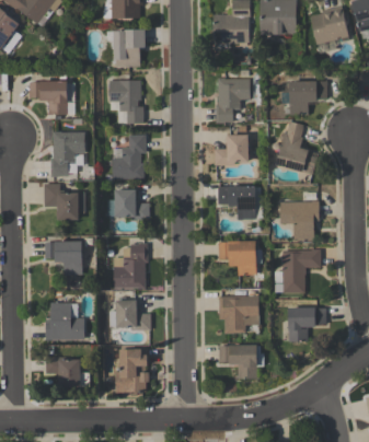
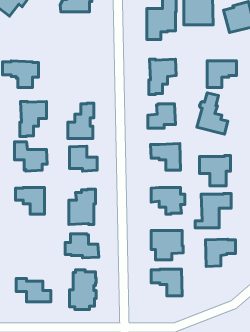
building: [113,28,146,67] -> none
building: [108,80,142,123] -> none
building: [45,302,84,339] -> none

